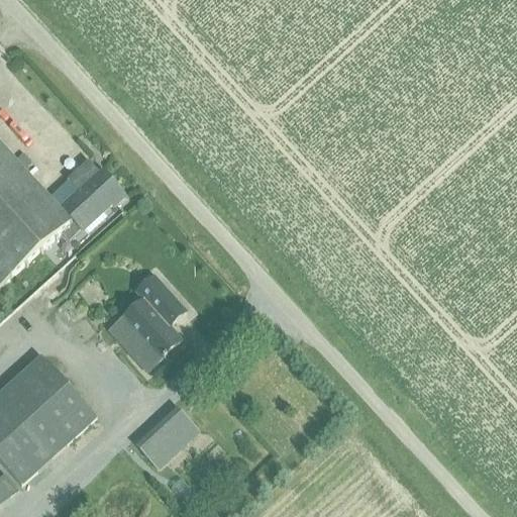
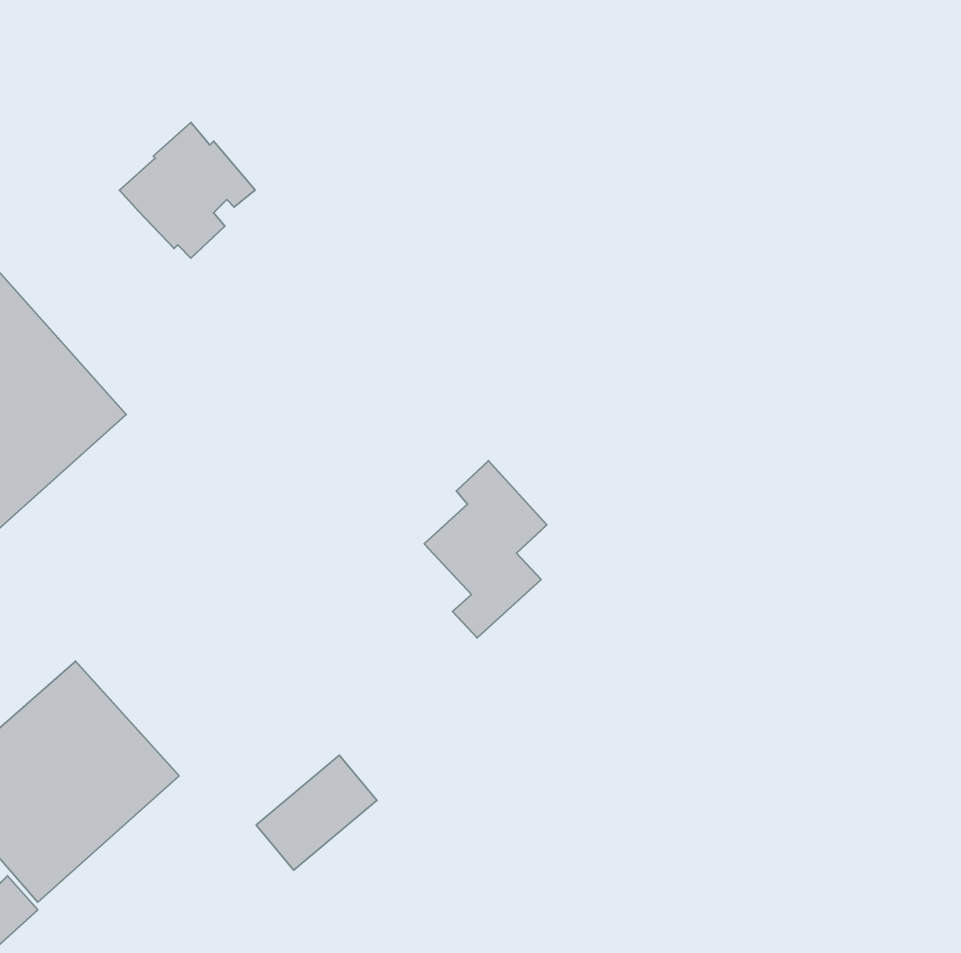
building: [49,160,122,232] -> [119,122,255,258]
building: [119,276,185,371] -> [424,461,547,638]

